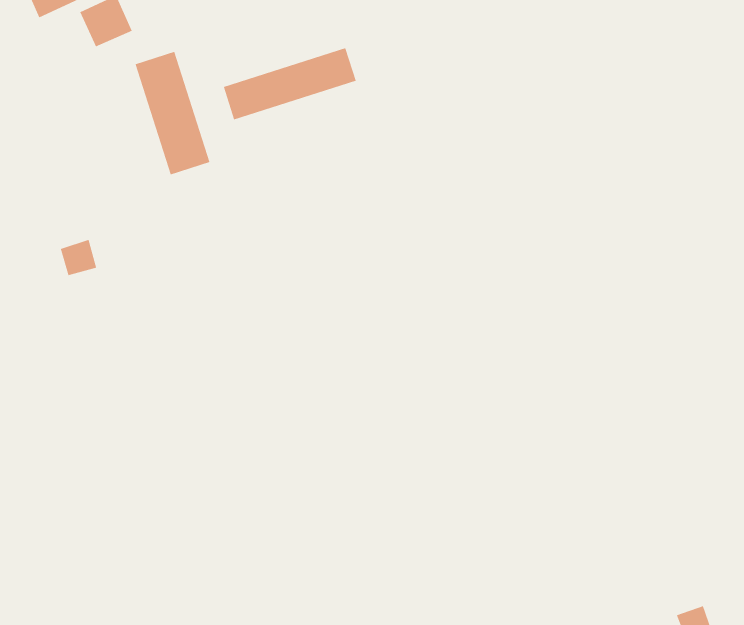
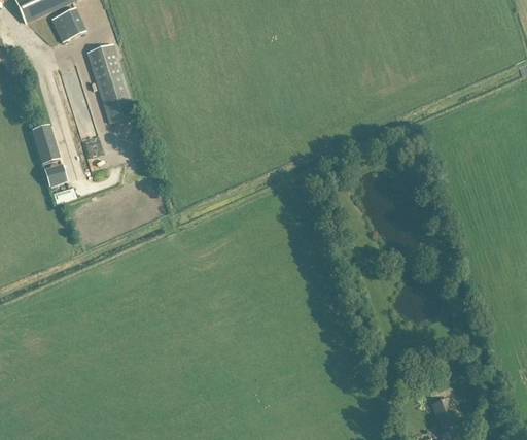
building: [223,47,357,121] -> none
building: none -> [33,125,60,163]

